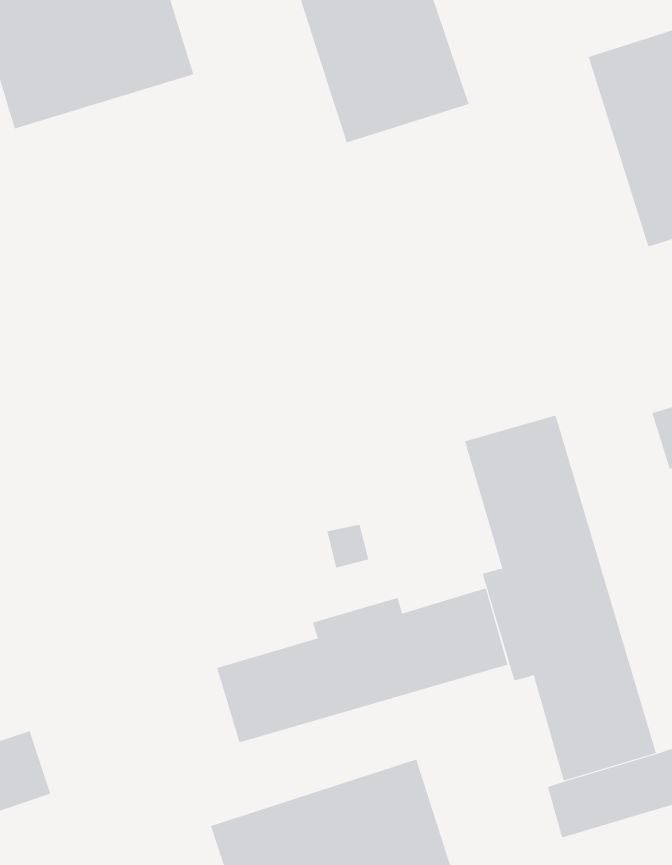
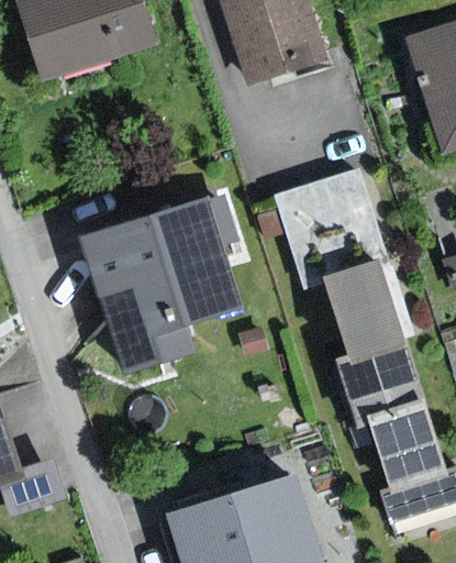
building: none -> [274,168,382,276]
building: none -> [82,201,240,374]
building: [217,588,508,743] -> none

